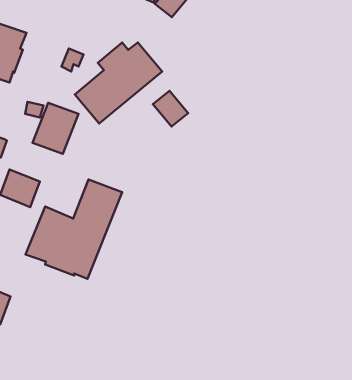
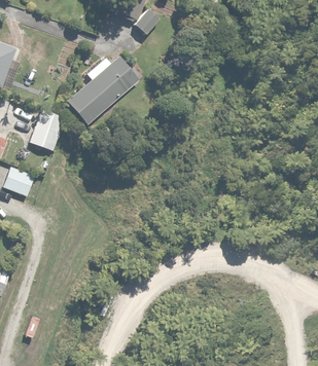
building: [153,91,188,126] -> none
building: [26,180,122,279] -> none

